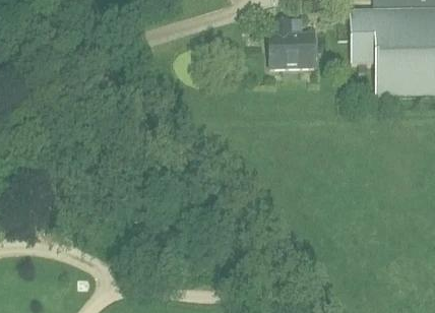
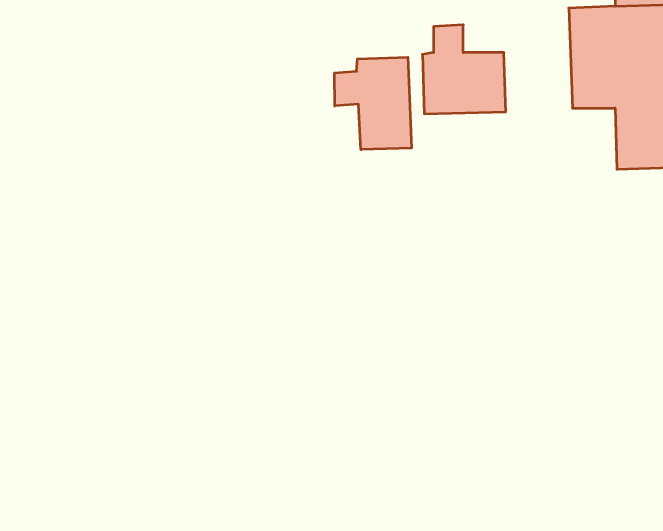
building: none -> [335,57,411,150]

